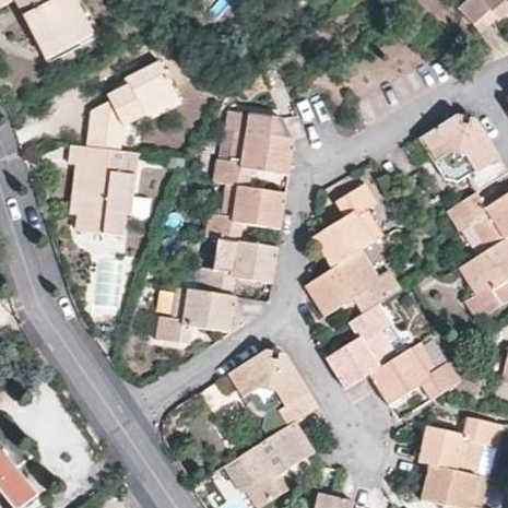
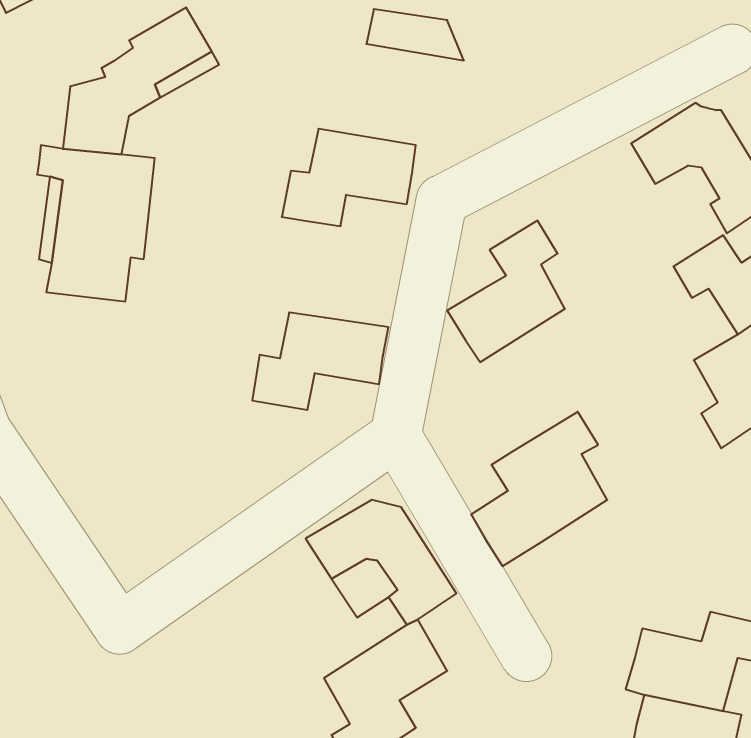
building: [236,108,294,139] -> [366,9,464,60]
building: [205,184,286,241] -> none
building: [305,249,401,321] -> none
building: [155,287,235,342] -> none
building: [368,341,460,404] -> none

